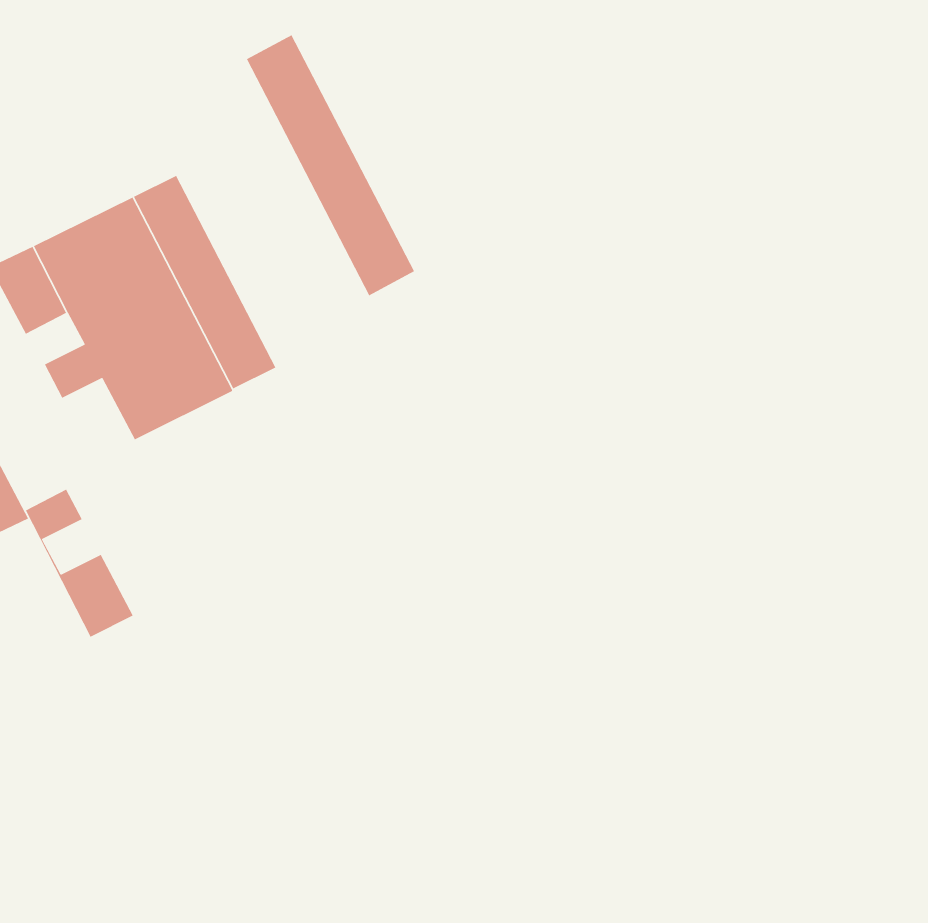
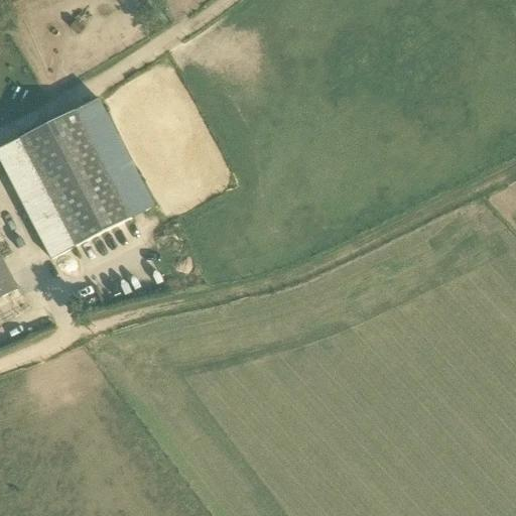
building: [246,34,415,297] -> none
building: [25,488,134,638] -> [14,173,75,256]

